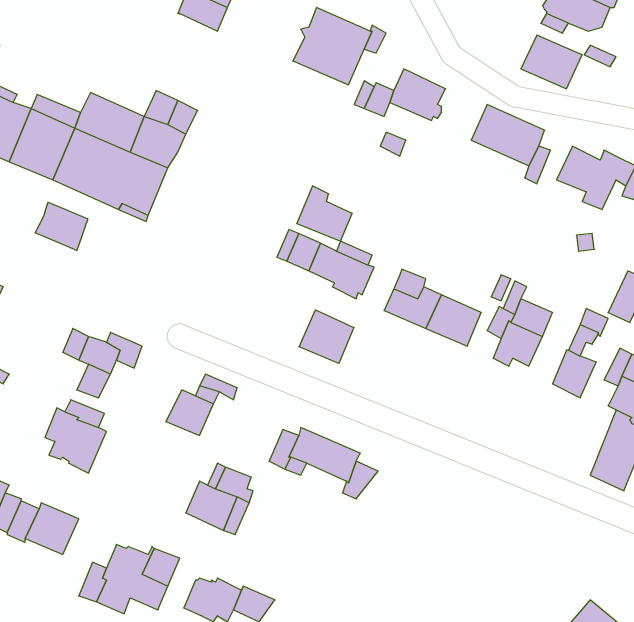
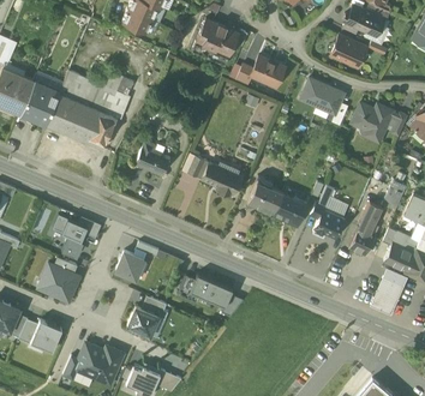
building: [297,186,352,241] -> [136,140,169,174]
building: [35,202,88,251] -> none
building: [299,310,354,363] -> none

